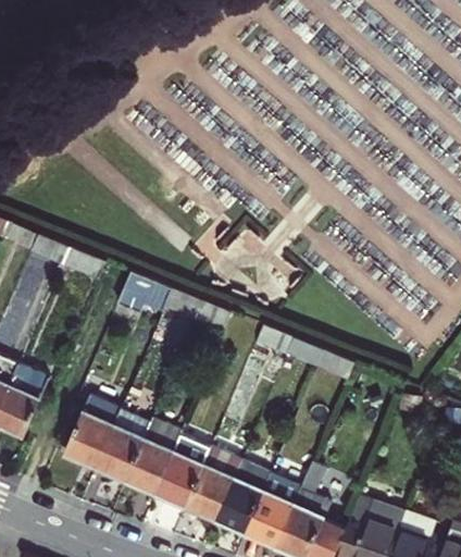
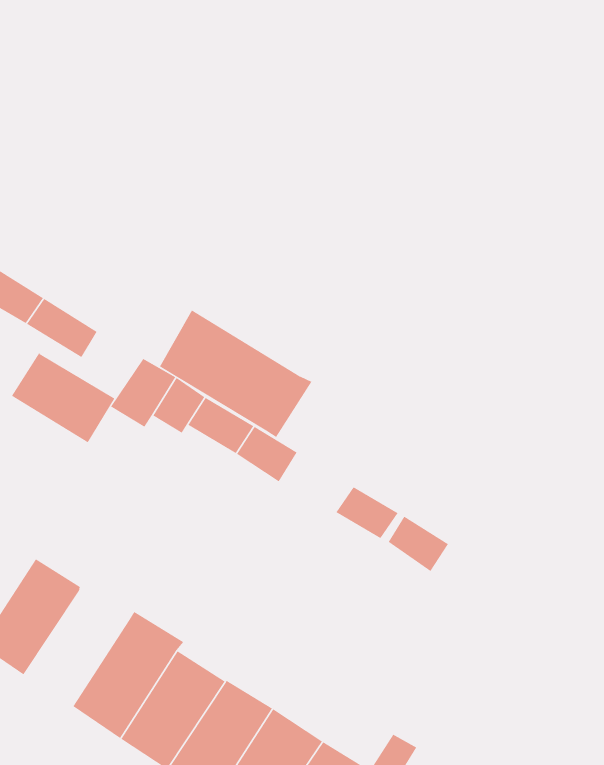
building: none -> [159,310,312,438]
building: none -> [11,352,115,443]
building: [92,412,147,479] -> none

